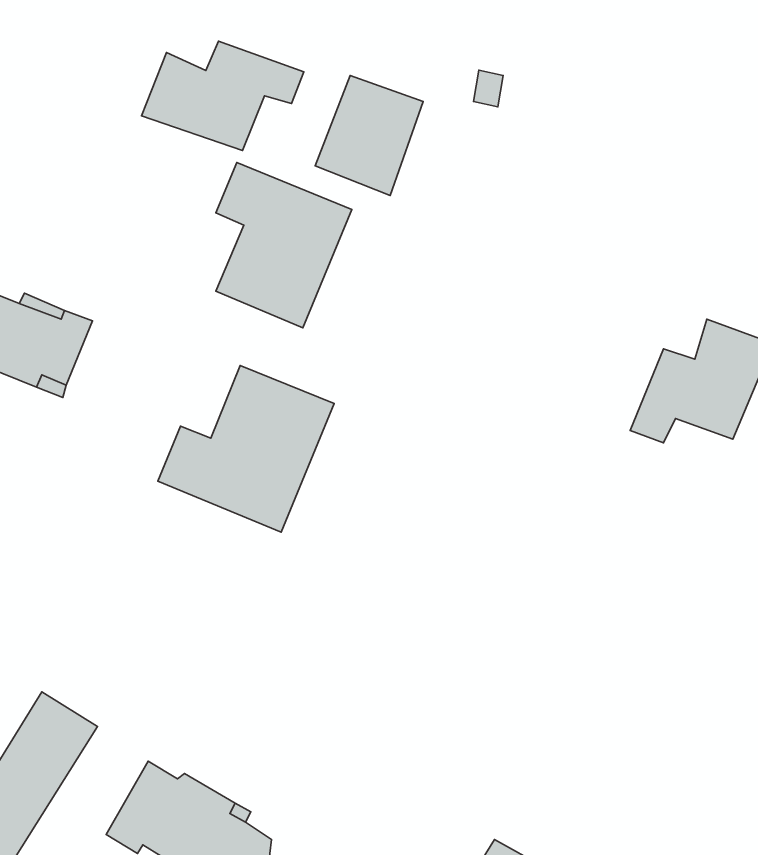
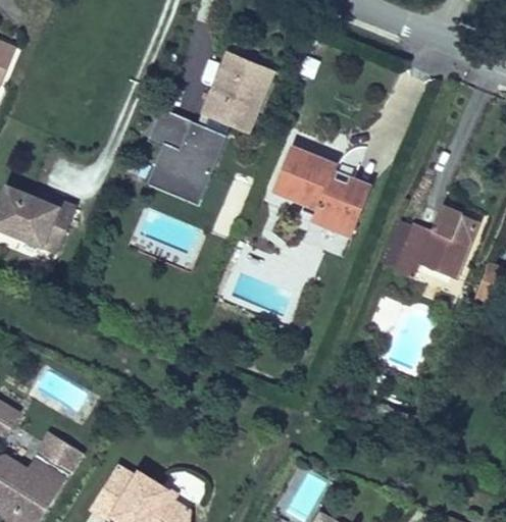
building: [142,41,304,151] -> none
building: none -> [270,153,363,236]
building: [158,366,334,532] -> none

